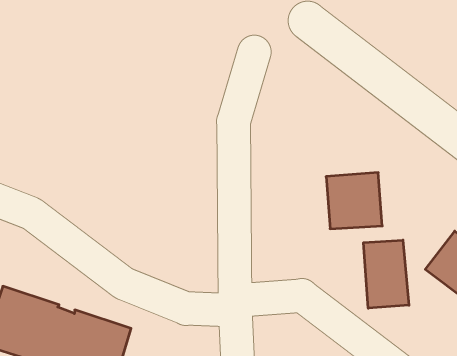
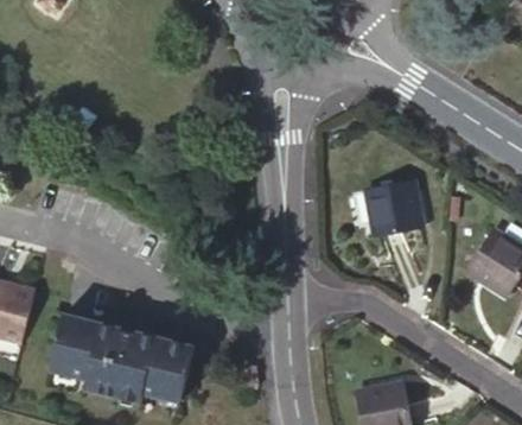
building: [364,240,409,308] -> none

